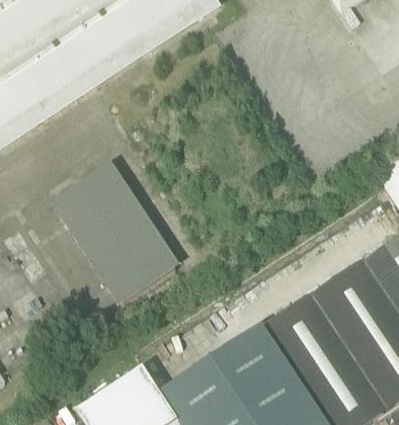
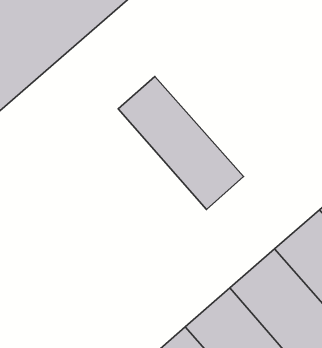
building: none -> [118,77,243,209]
building: [52,163,172,301] -> none

